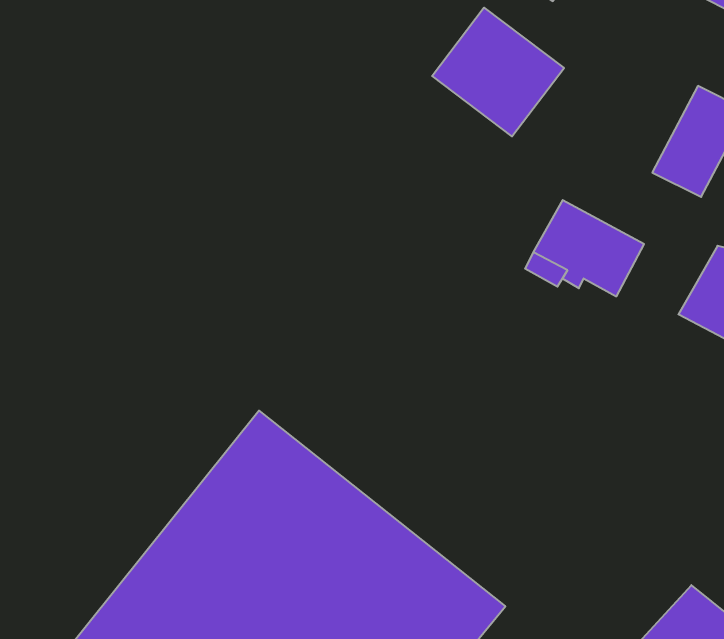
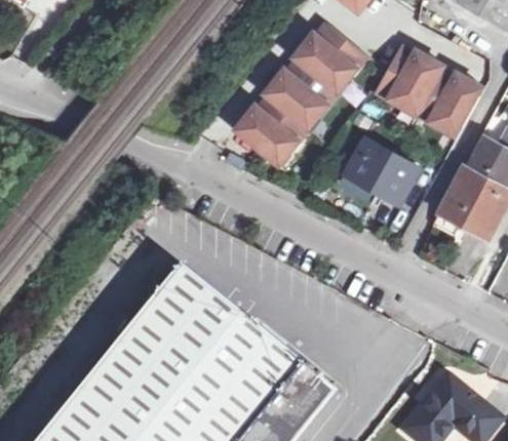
building: none -> [374,41,442,115]
building: none -> [228,63,330,169]

